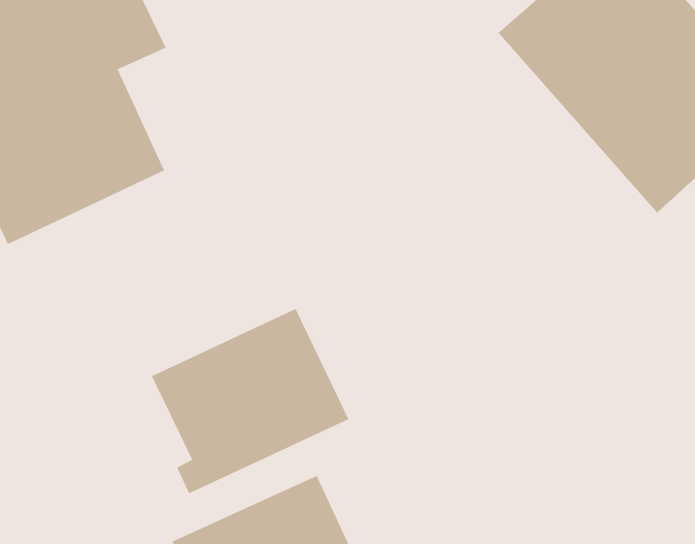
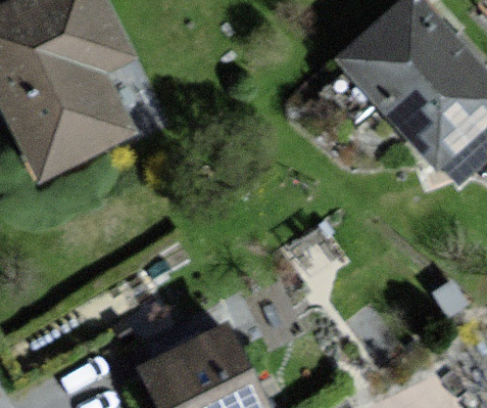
building: [151,308,349,494] -> none

